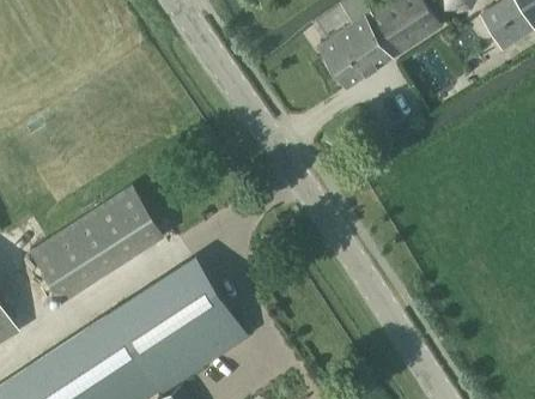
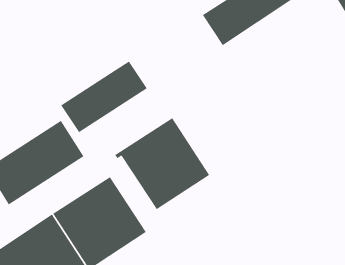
building: none -> [60,60,148,133]
building: none -> [114,117,210,210]

